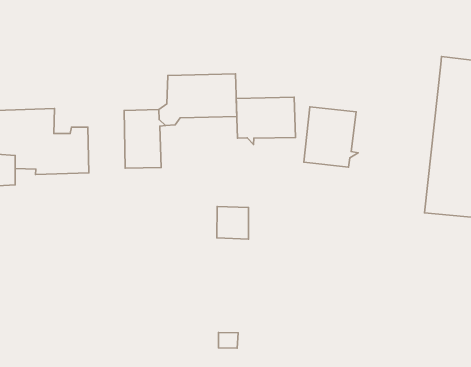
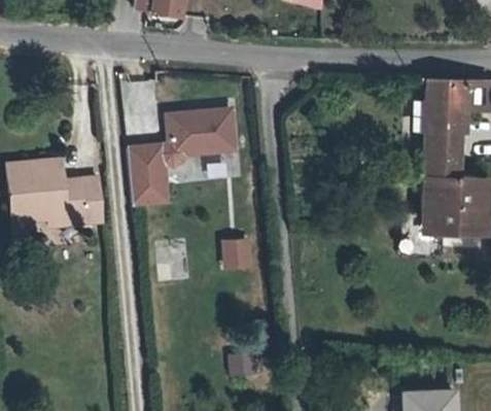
building: [236,97,295,144] -> none
building: [304,107,358,167] -> none

